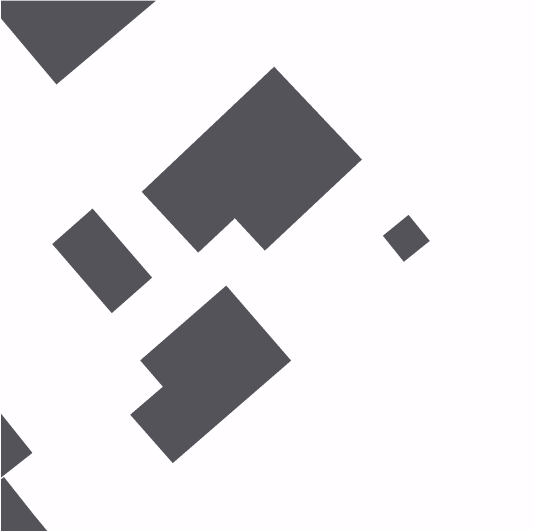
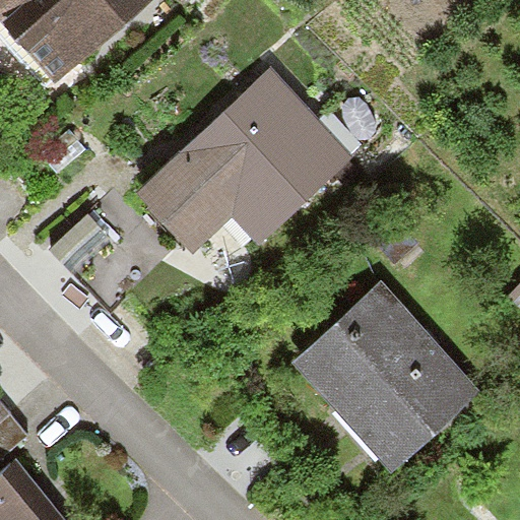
building: [129,284,292,464] -> none
building: none -> [294,282,478,467]

